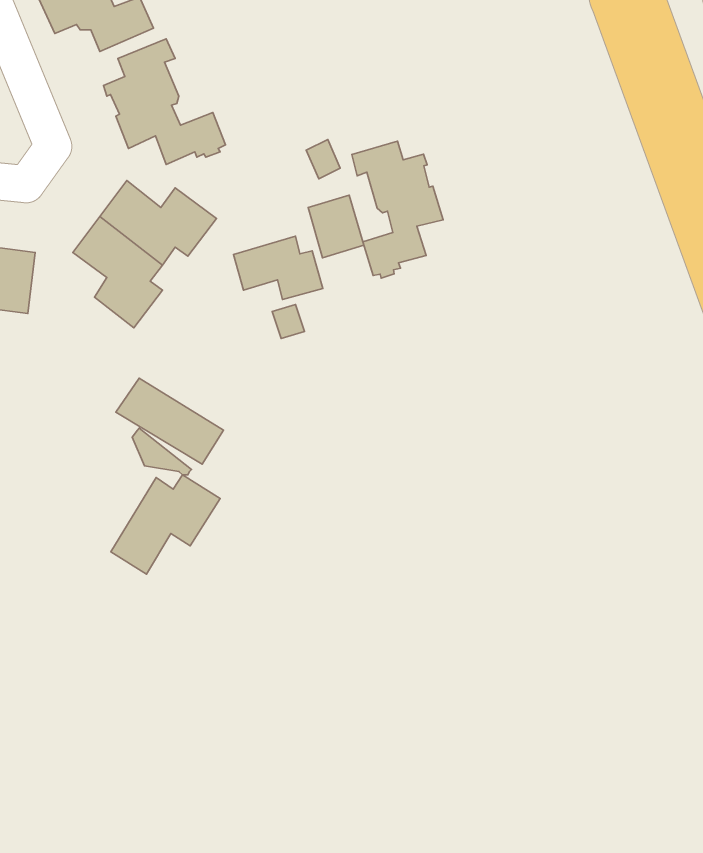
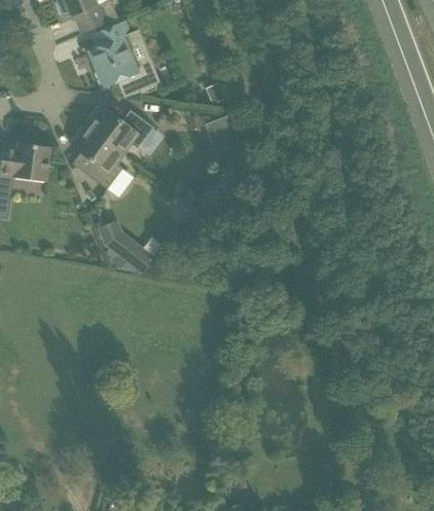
building: [352,141,443,278] -> none
building: [233,236,323,300] -> none
building: [111,475,220,574] -> none

